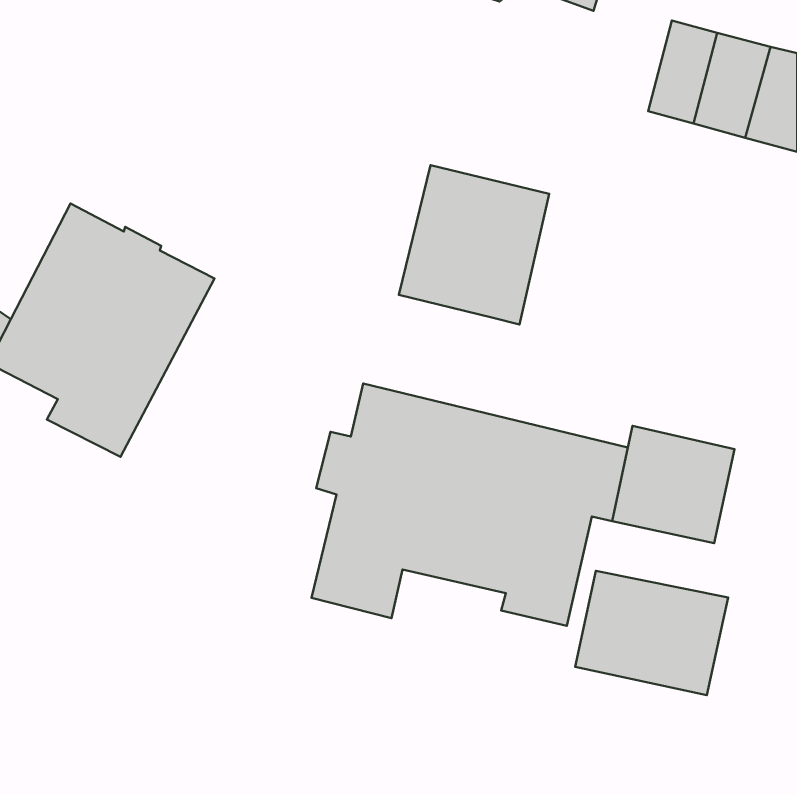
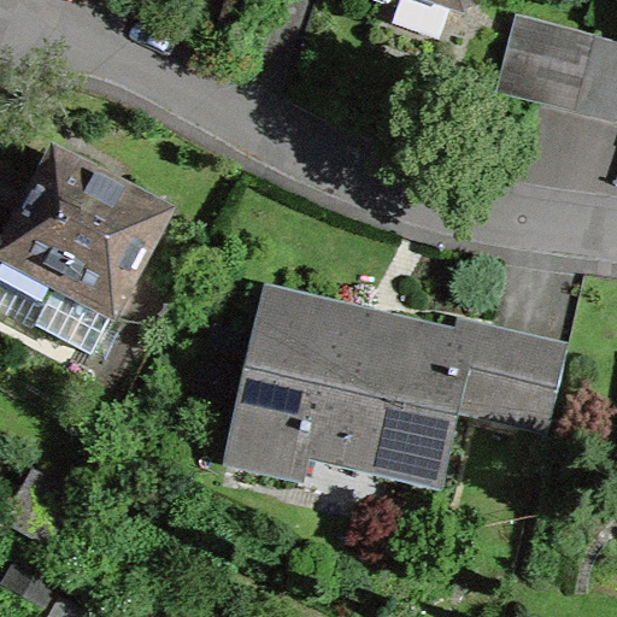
building: [399,165,549,324] -> none
building: [575,571,728,695] -> none

